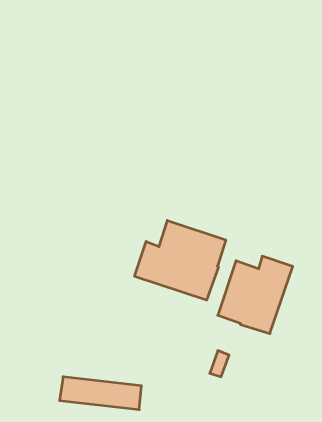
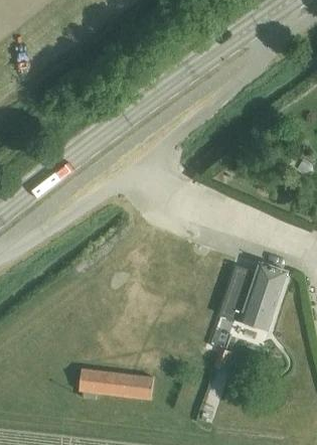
building: [135,220,226,300] -> none

